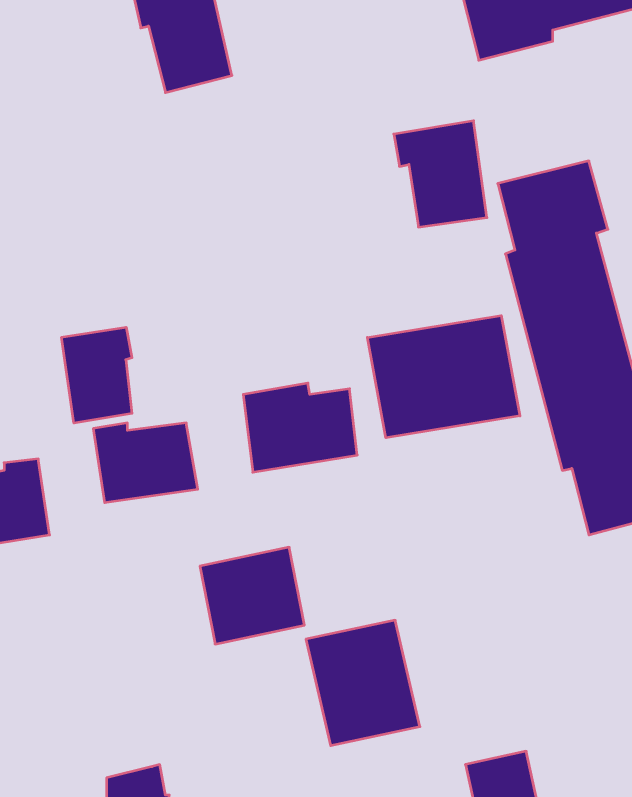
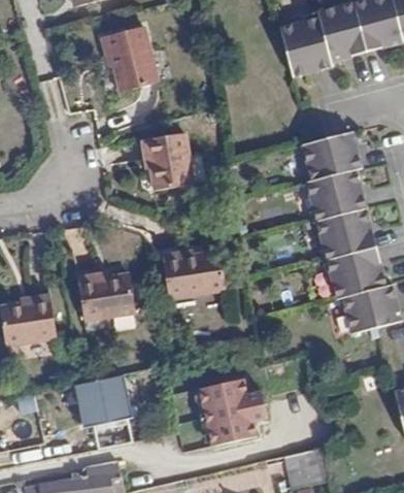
building: [394,121,487,227] -> [142,135,193,193]
building: [367,316,520,438] -> none
building: [62,327,132,423] -> none
building: [200,547,304,644] -> [74,375,131,428]

